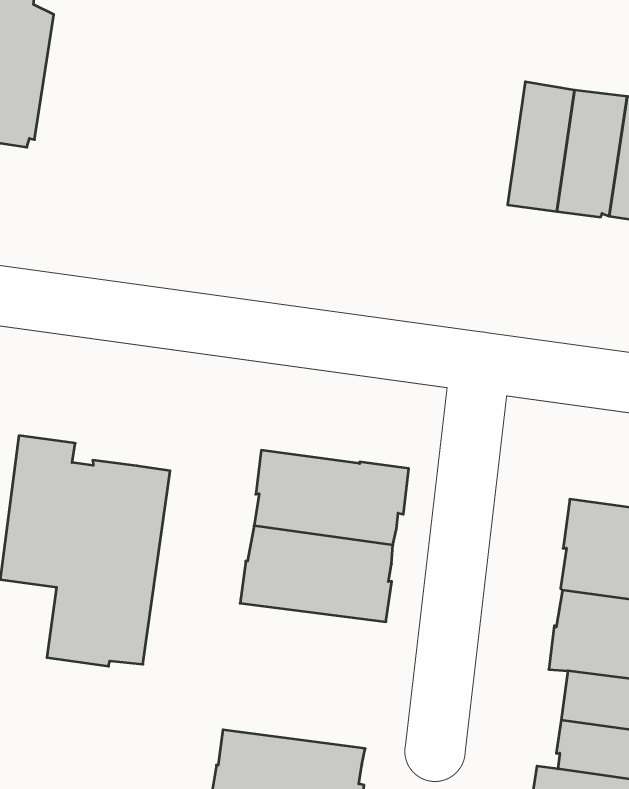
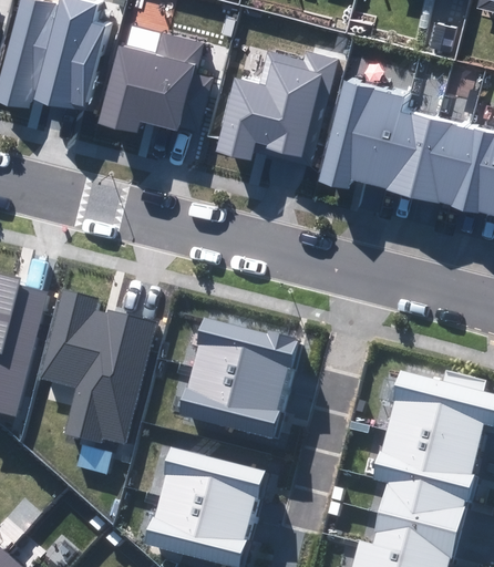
building: none -> [100,32,206,133]
building: none -> [223,51,331,157]
building: none -> [320,73,406,181]
building: none -> [163,449,267,518]

